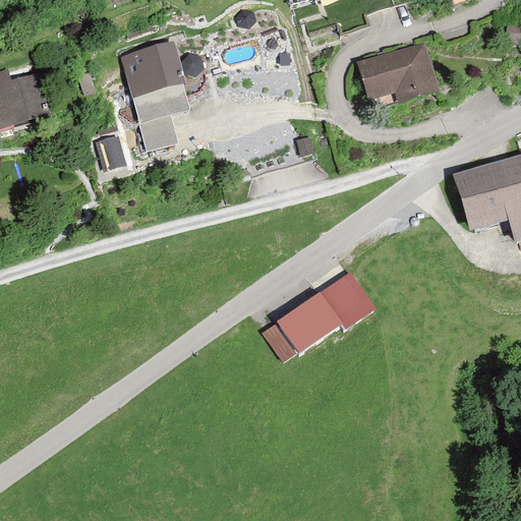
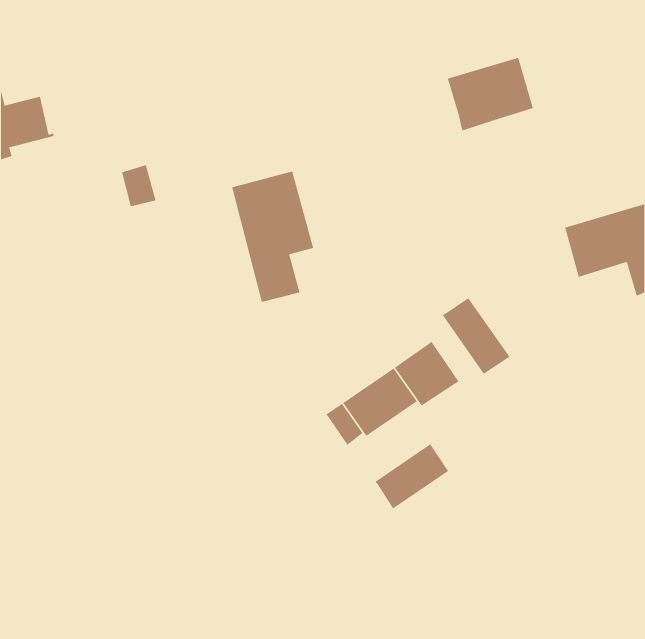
building: [123,41,190,148] -> [231,170,314,303]
building: none -> [442,297,510,375]
building: none -> [375,443,449,510]

